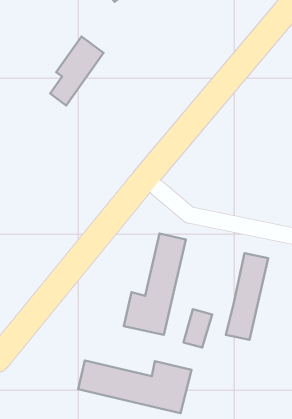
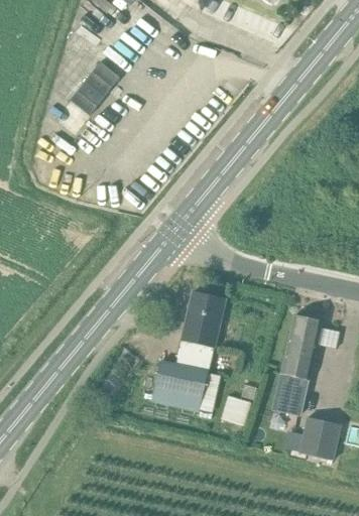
building: none -> [298,417,340,460]
building: [78,361,191,413] -> none

